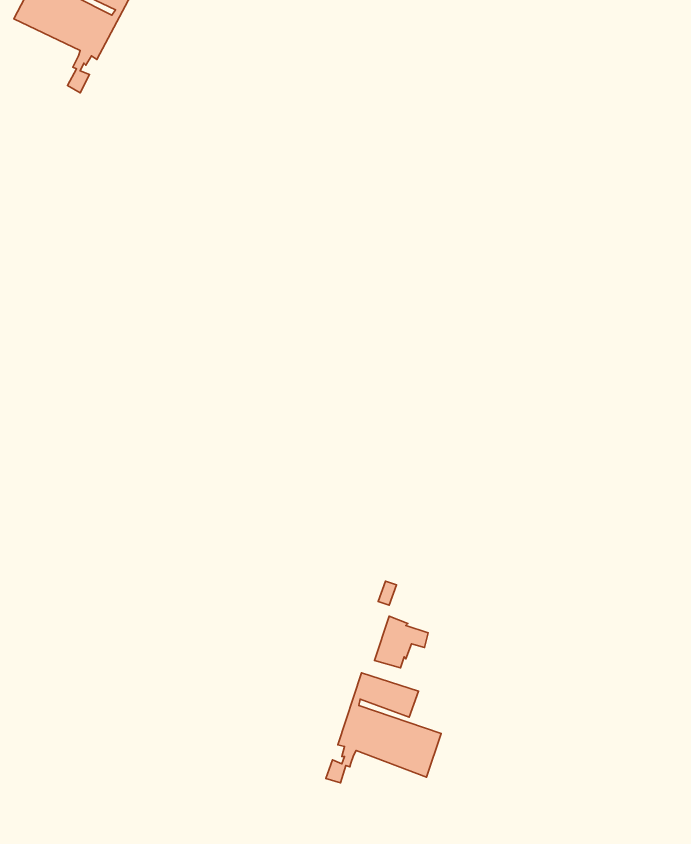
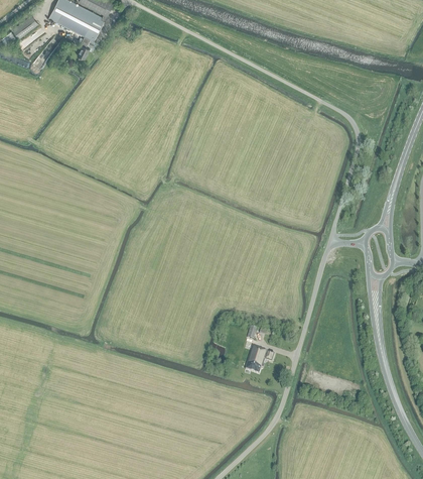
building: [326,673,441,783] -> none

